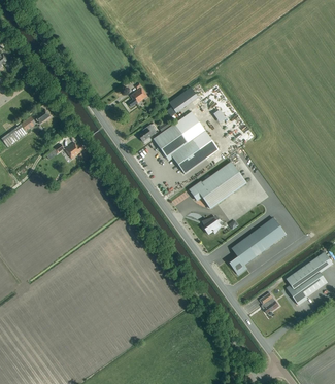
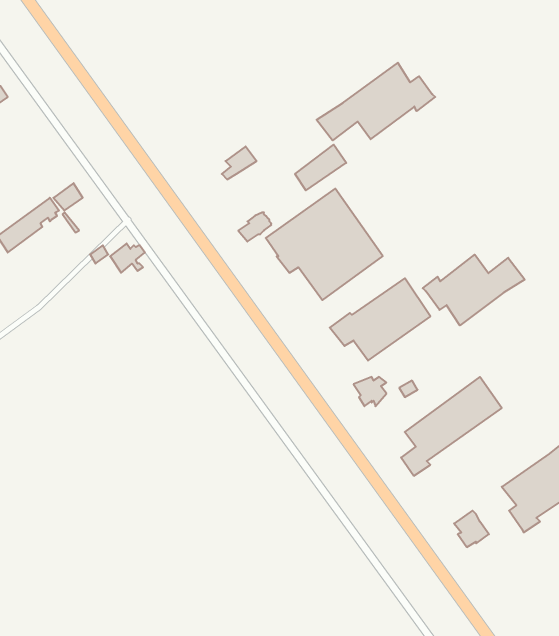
building: none -> [317,63,435,140]
building: none -> [423,255,525,325]

